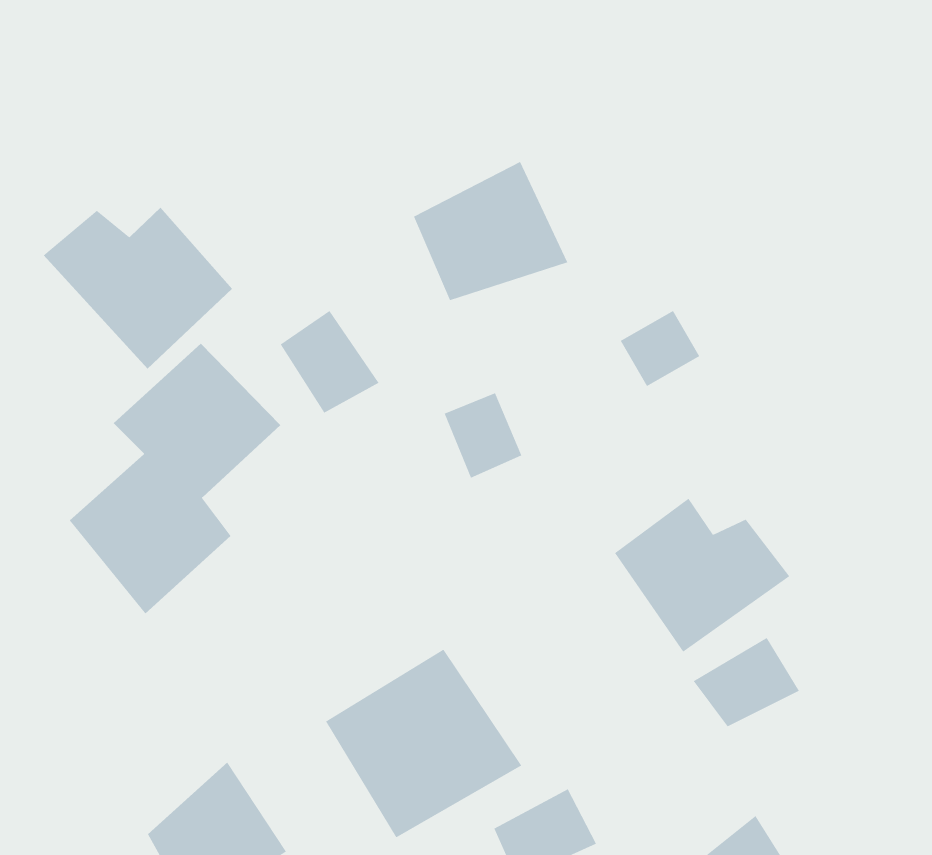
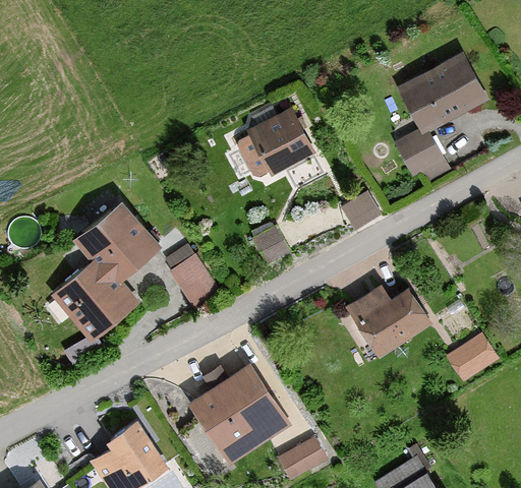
building: none -> [393,54,490,176]
building: [43,207,233,370] -> none
building: [280,310,379,413] -> [168,251,221,306]
building: [693,637,800,727] -> [445,334,502,382]

